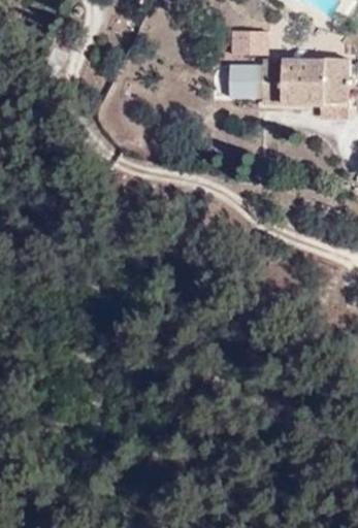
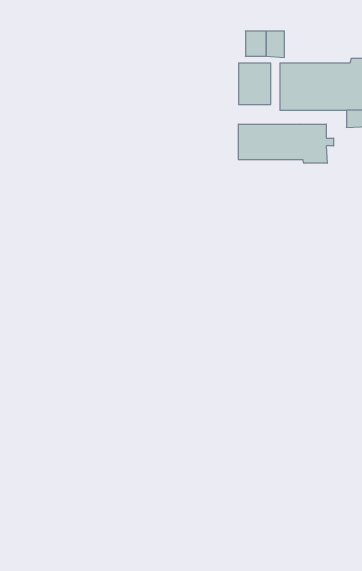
building: none -> [238,124,334,163]

